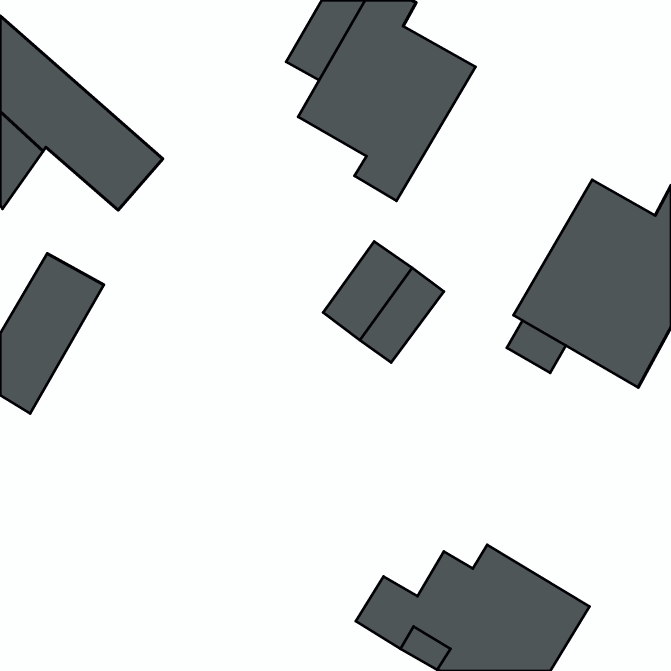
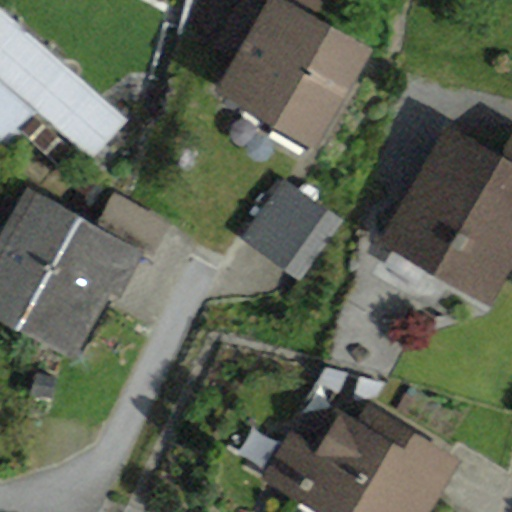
building: none -> [23,196,165,339]

